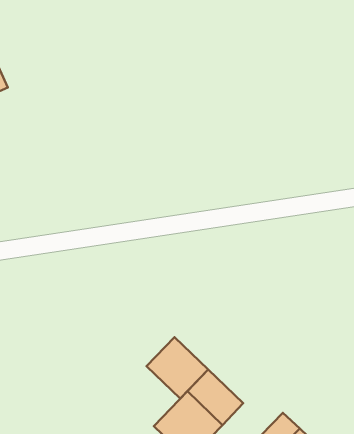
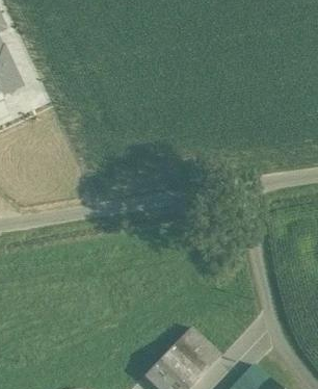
building: [146,337,208,399] -> none

